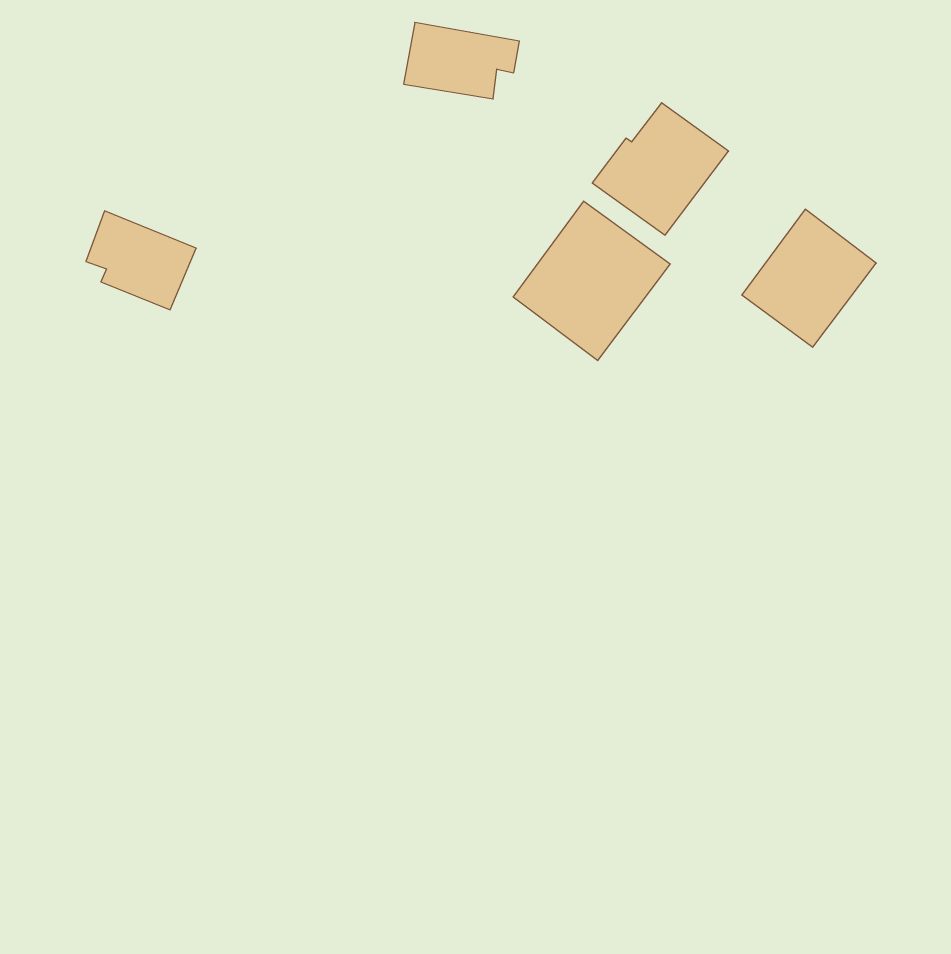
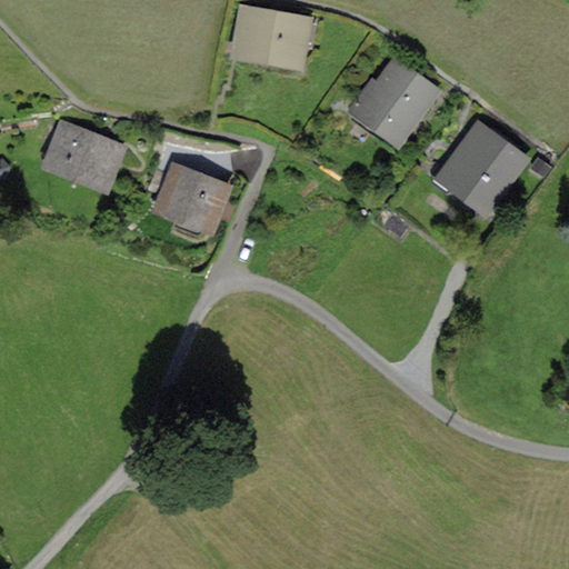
building: [513,201,670,361] -> none
building: none -> [163,173,218,221]

